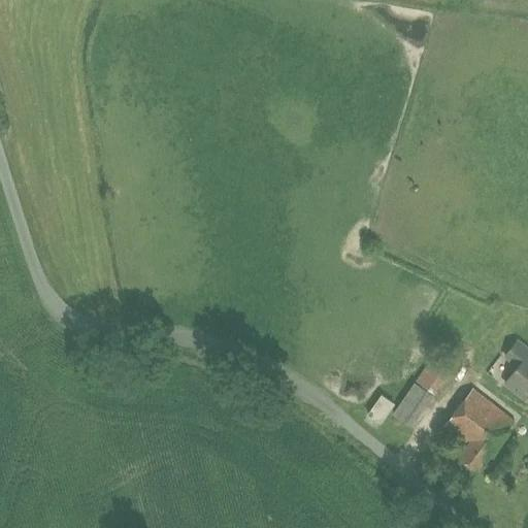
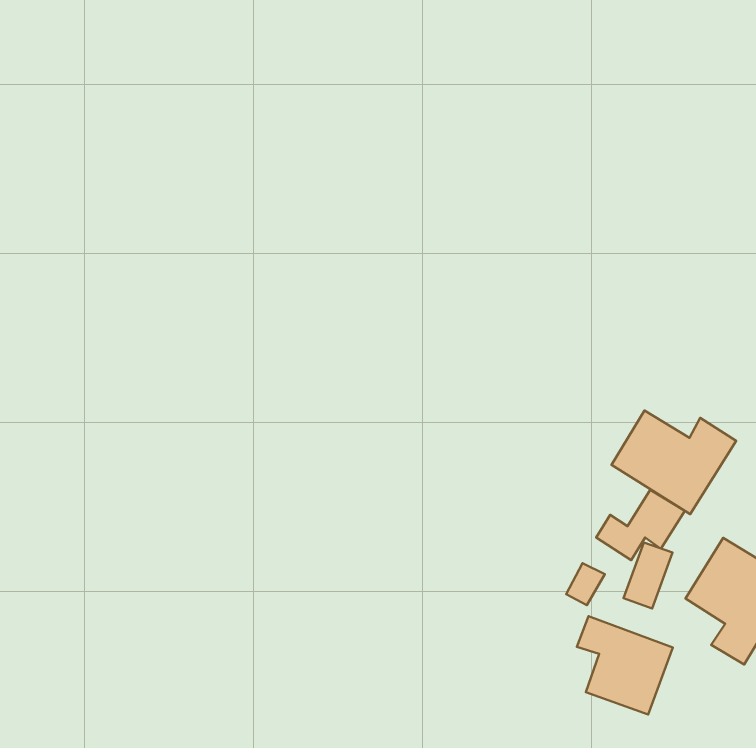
building: none -> [611,410,736,514]
building: none -> [577,616,673,715]

